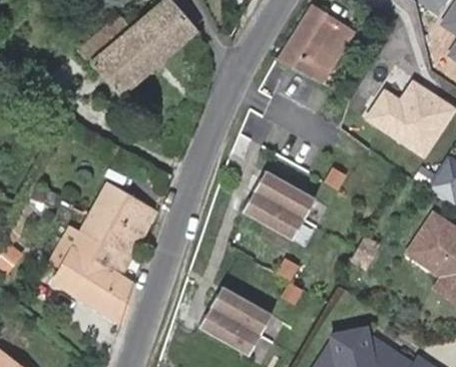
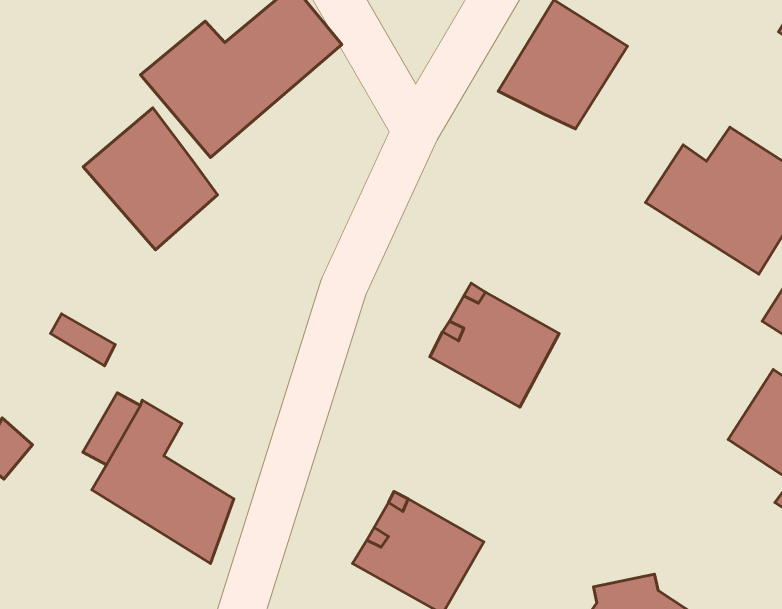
building: none -> [83,108,218,250]
building: [82,187,153,278] -> none

